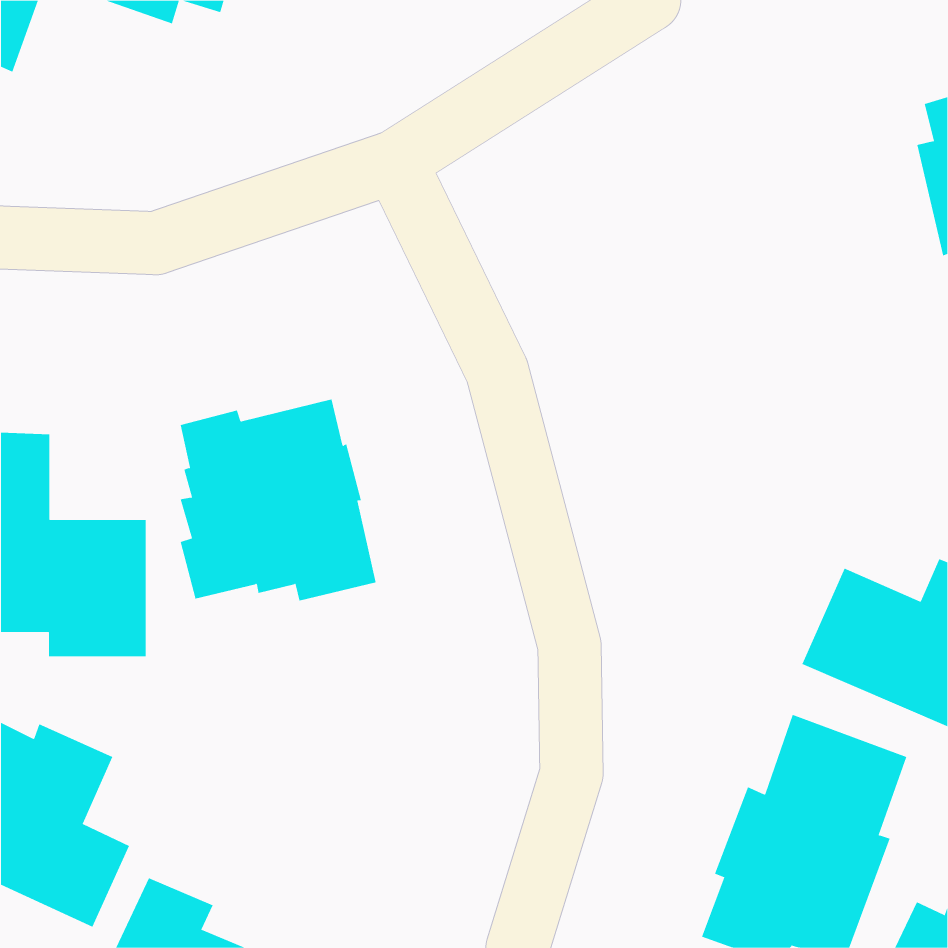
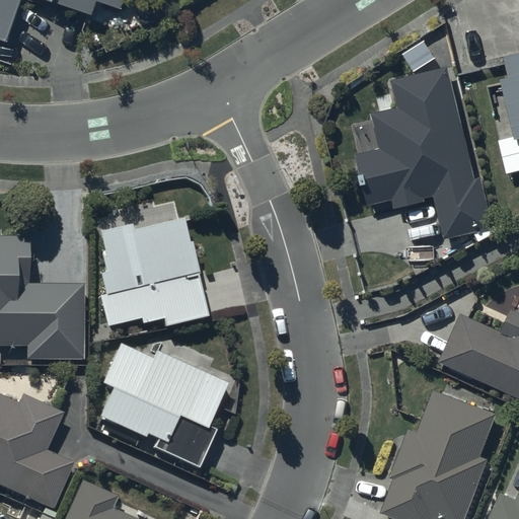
building: none -> [357,64,493,239]
building: none -> [97,344,227,467]

